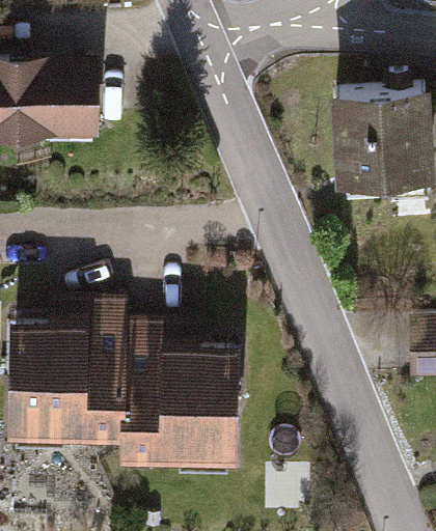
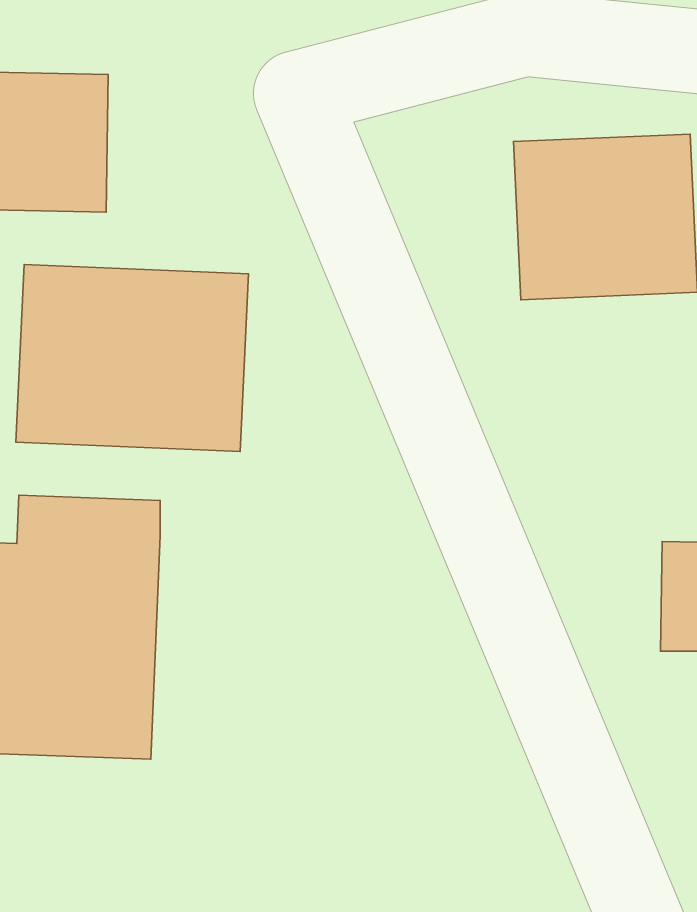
building: none -> [16,265,249,451]
building: [125,319,242,464] -> none

